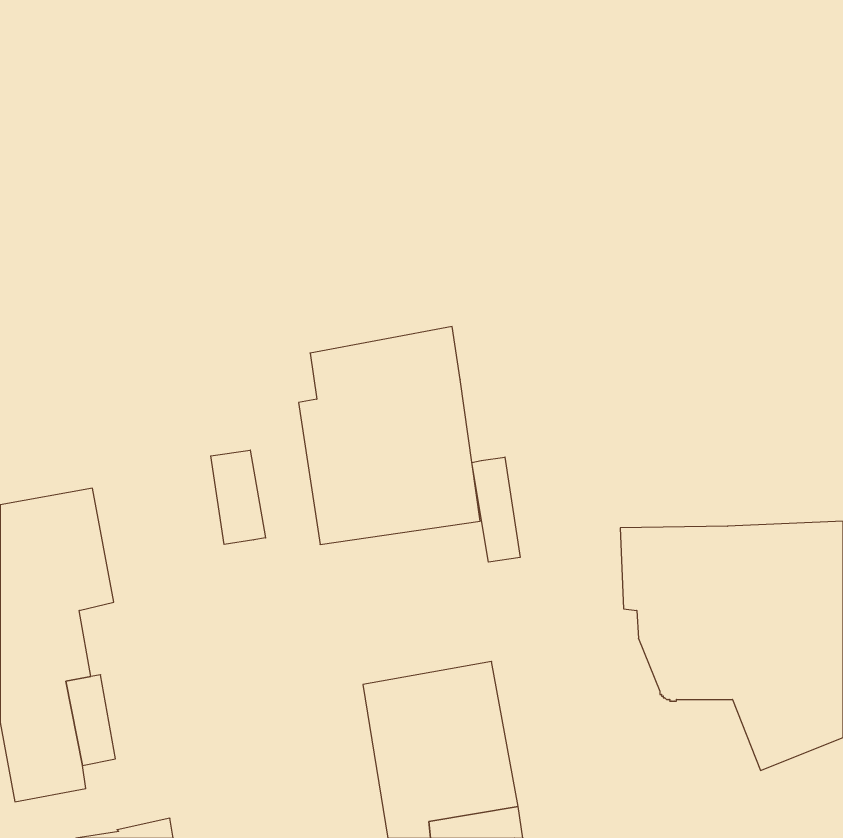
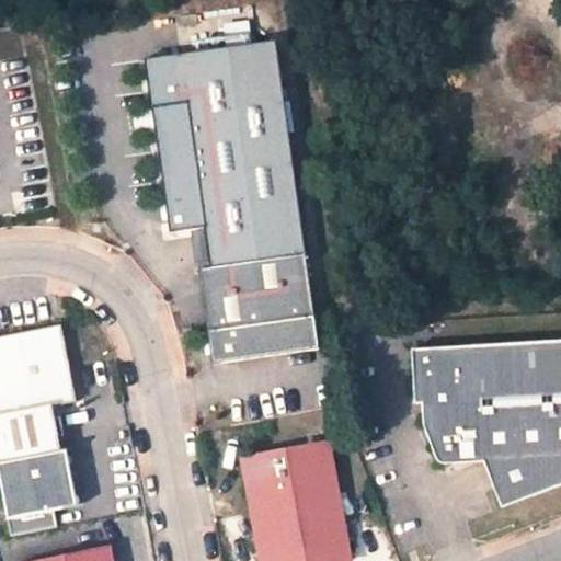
building: none -> [146,39,300,234]
building: [211,450,266,544] -> none
building: [472,457,520,562] -> none

